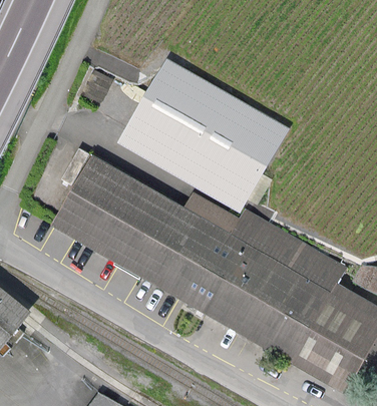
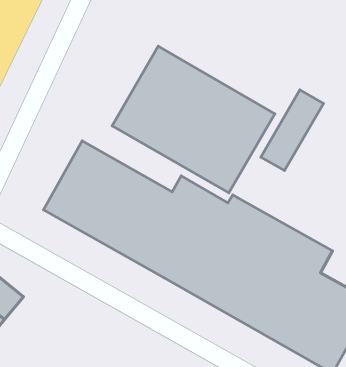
building: none -> [261,90,324,171]

